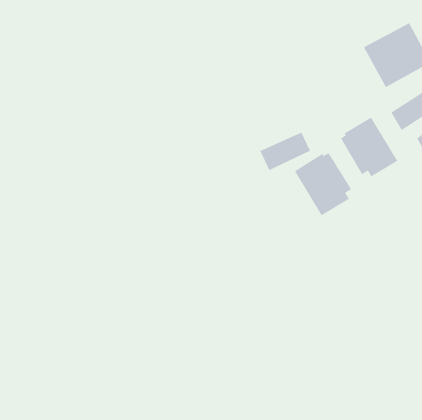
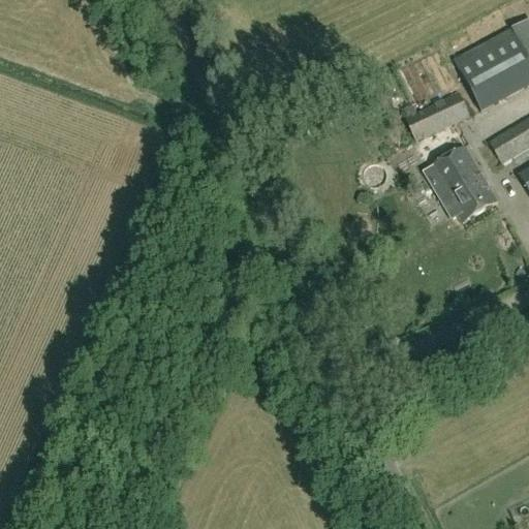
building: [260,132,311,171] -> [406,92,470,141]
building: [294,152,352,216] -> none

